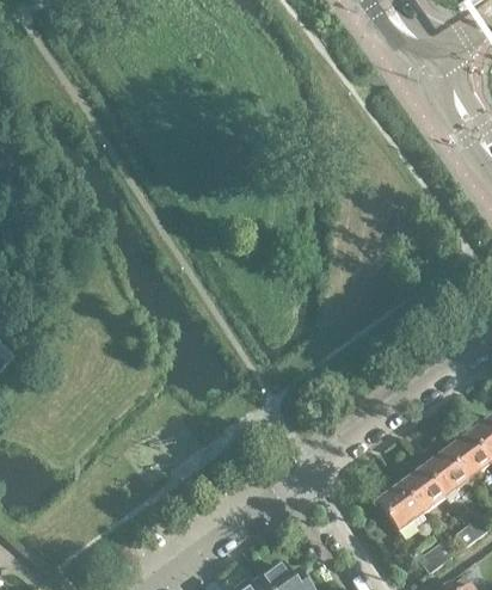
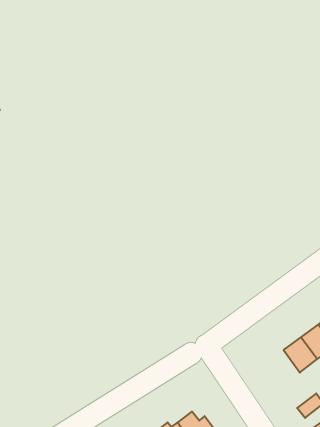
building: [375,485,420,533] -> none

